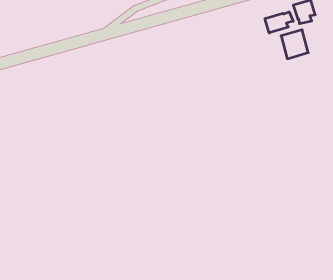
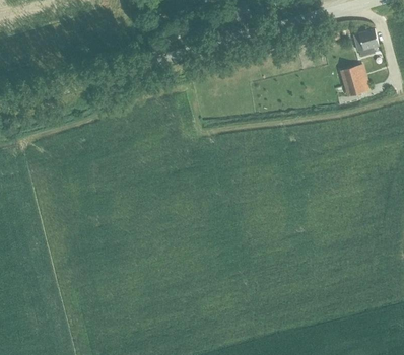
building: [265,12,293,33] -> none

